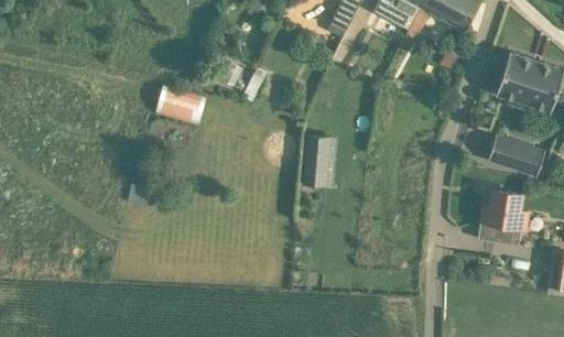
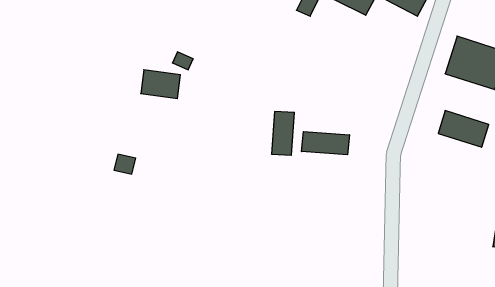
building: none -> [302,132,349,155]
building: [477,189,528,246] -> none

